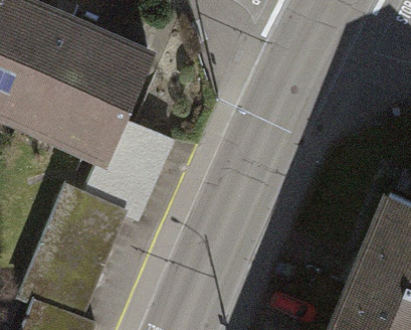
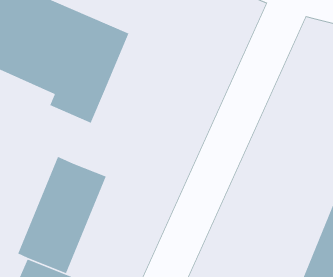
building: [85,115,170,214] -> none

